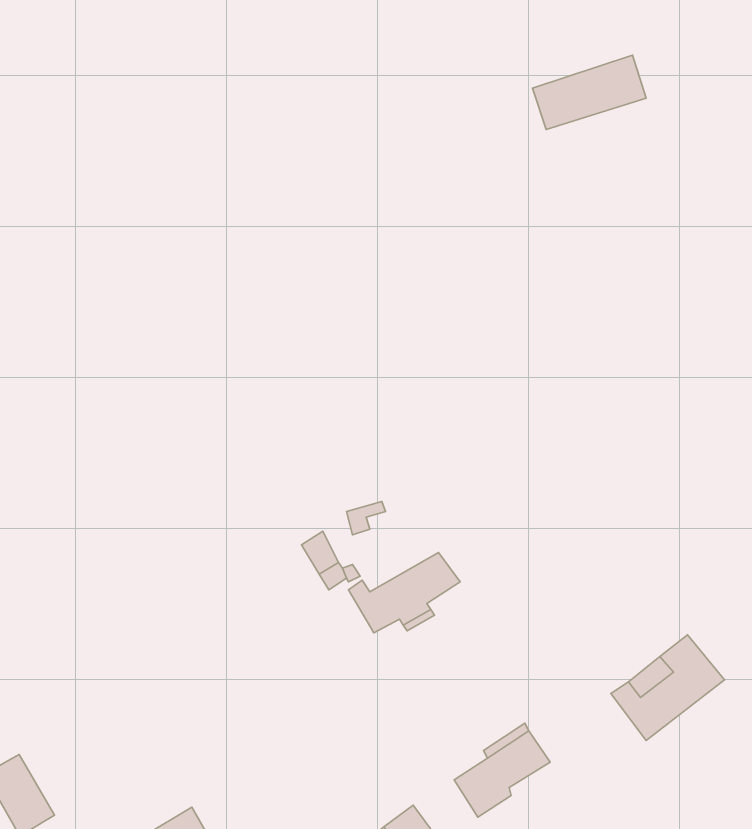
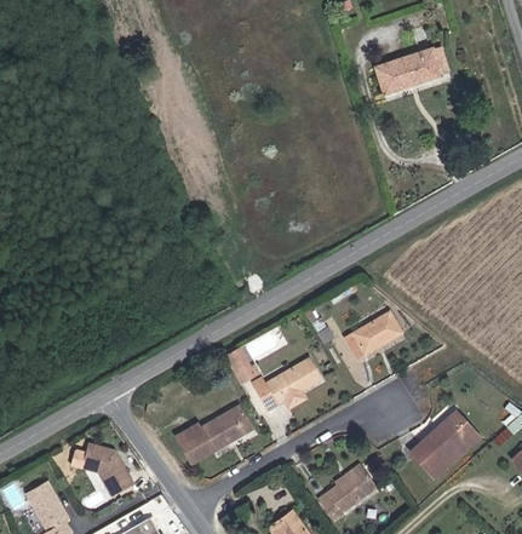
building: none -> [350,308,405,352]
building: none -> [178,406,251,463]
building: none -> [82,444,134,496]

